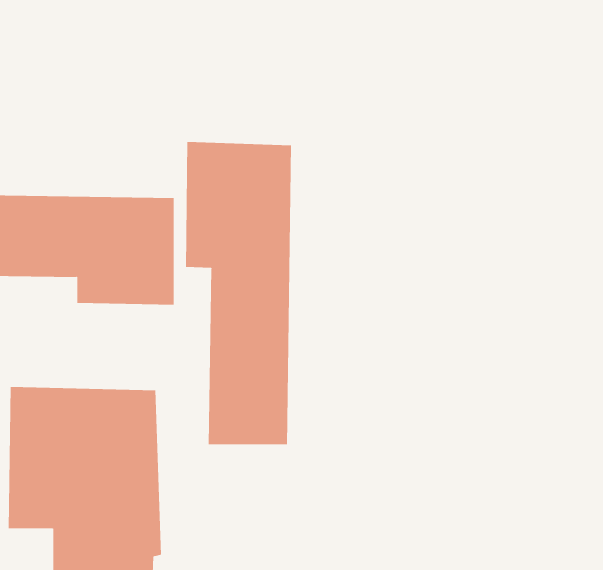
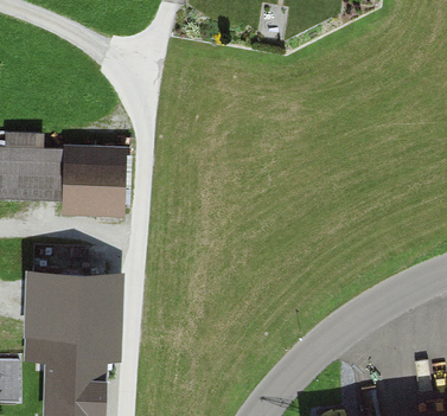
building: [186,141,291,445] -> none

